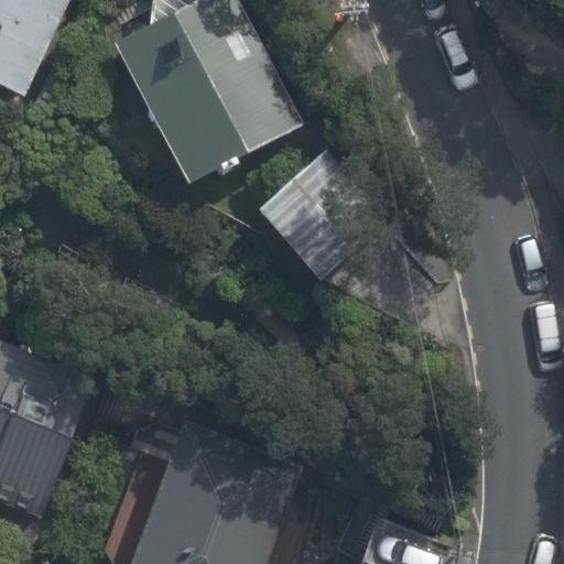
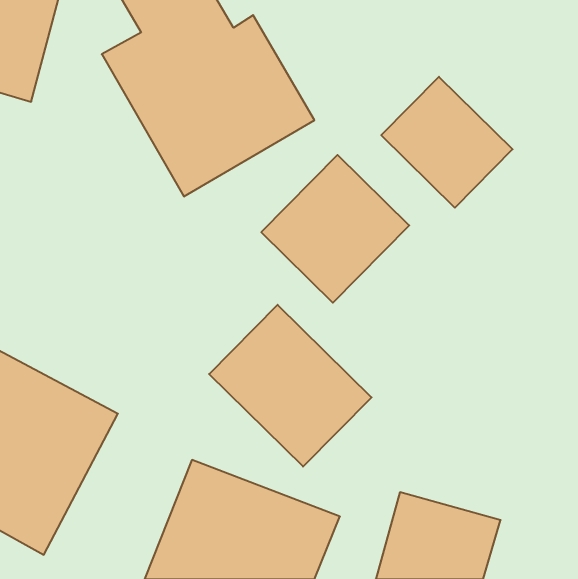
building: none -> [381,77,513,208]
building: none -> [209,305,372,467]

